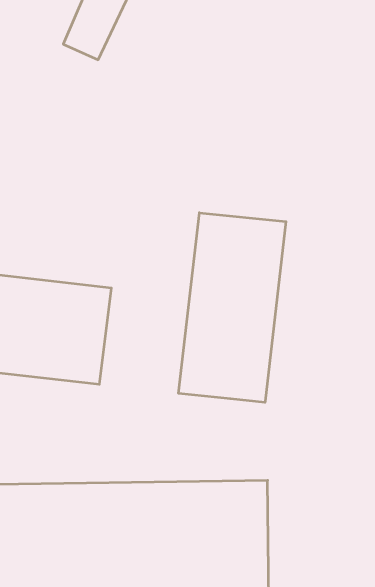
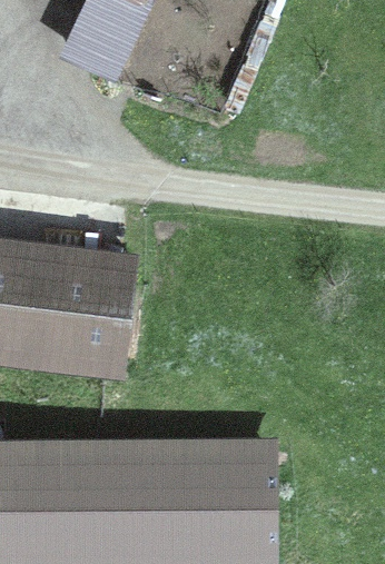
building: [179,213,286,402] -> none

